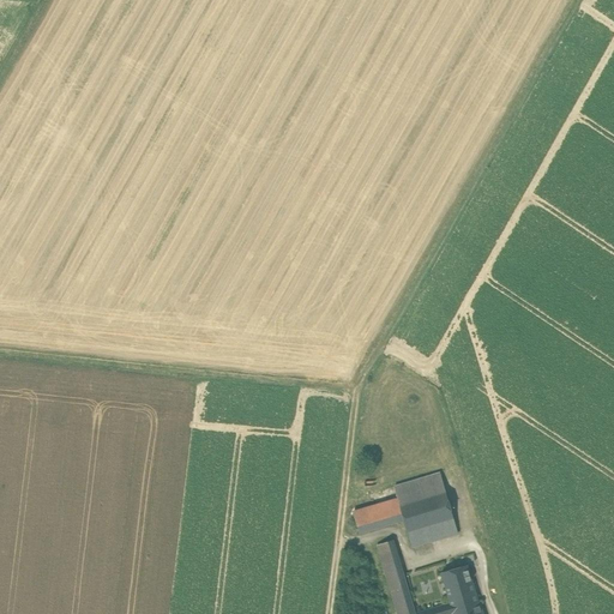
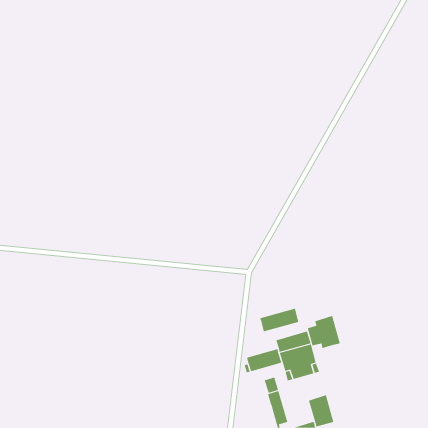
building: none -> [259,308,299,332]
building: none -> [307,315,341,349]

